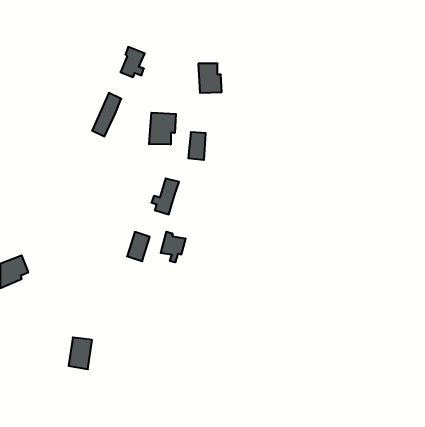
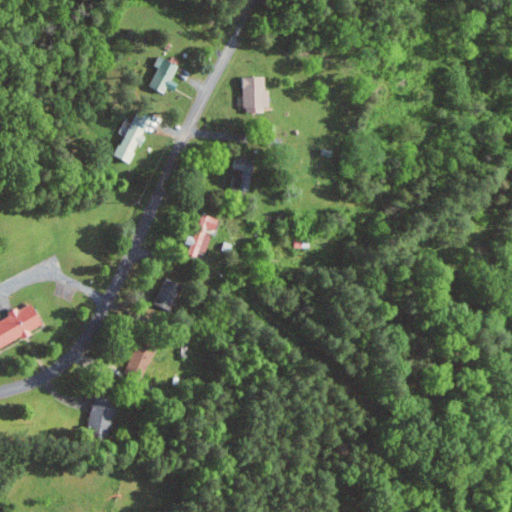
building: [149,113,176,145] -> none
building: [161,232,186,262] -> none
building: none -> [124,344,152,380]

